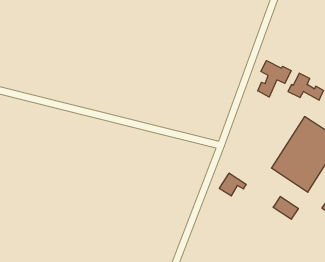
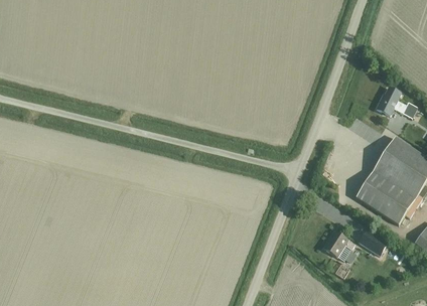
building: [258,61,291,97] -> none
building: [219,173,246,196] -> [322,231,353,257]

